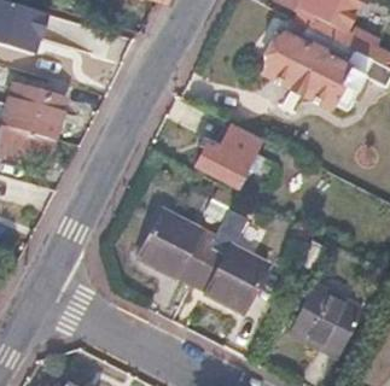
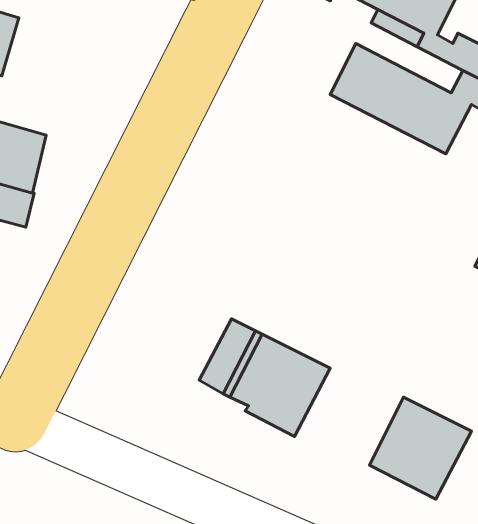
building: [199,127,263,186] -> none
building: [135,211,196,277] -> none

